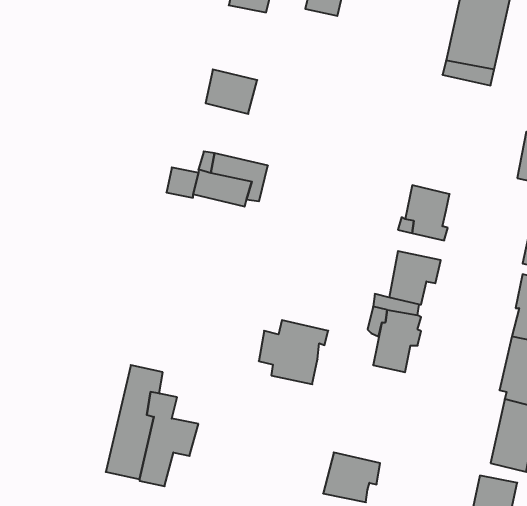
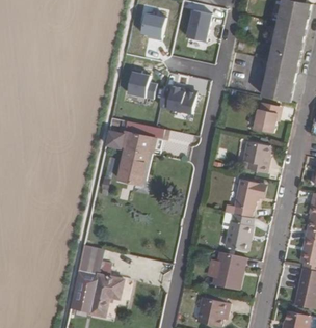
building: none -> [262,76,294,102]
building: none -> [159,86,196,113]
building: none -> [254,103,279,132]
building: none -> [117,146,151,188]
building: [259,320,328,384] -> [206,250,246,288]

